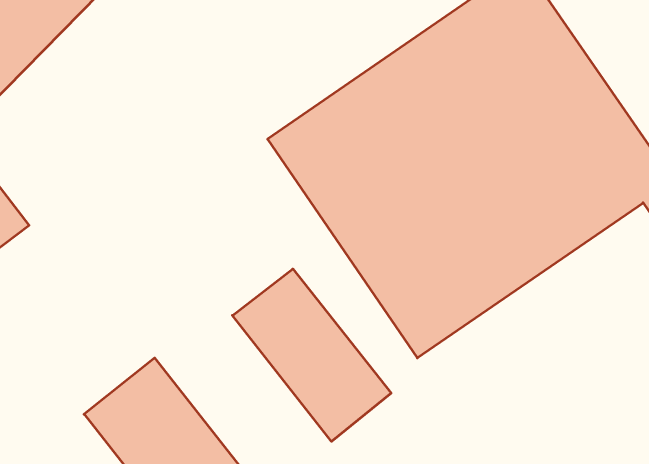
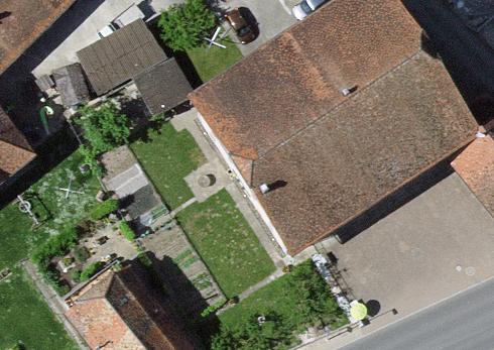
building: none -> [77,17,189,113]
building: [232,269,391,441] -> none

